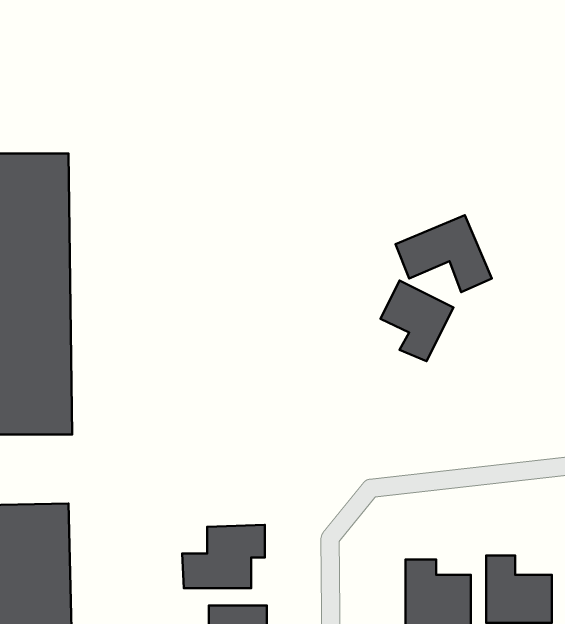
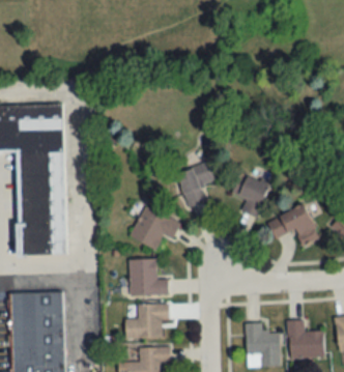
building: [396,215,492,292] -> [267,204,319,246]
building: none -> [177,162,214,206]
building: none -> [130,205,179,250]
building: none -> [131,259,168,294]

